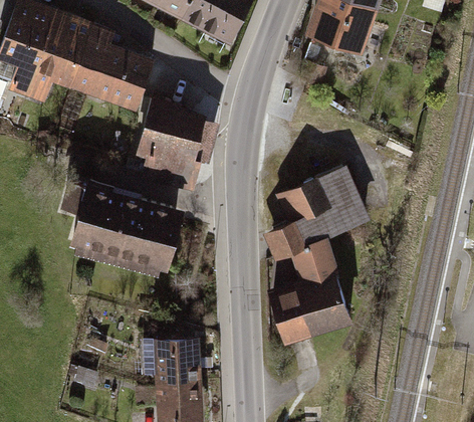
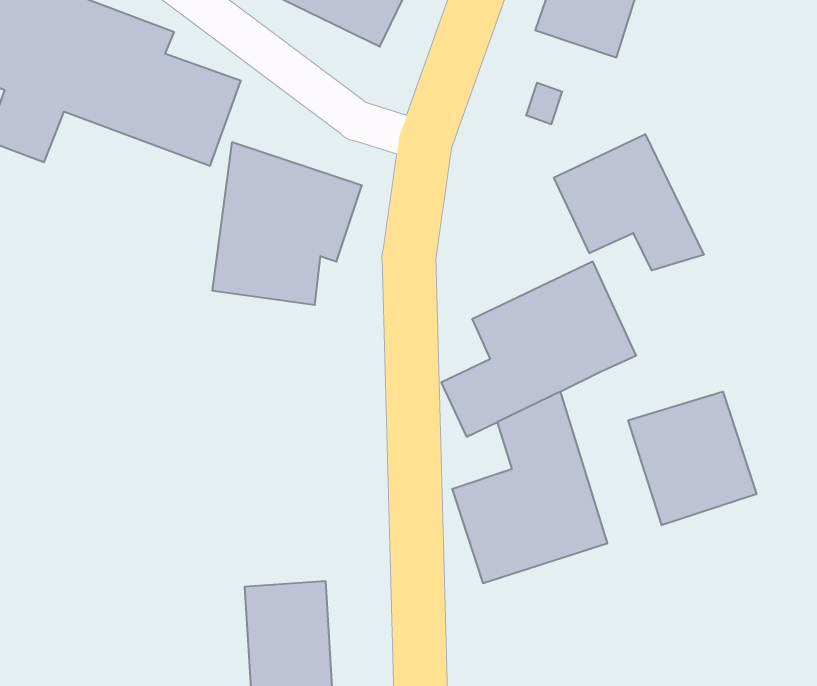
building: none -> [554,134,704,270]
building: [69,183,179,272] -> none
building: none -> [628,392,756,525]

